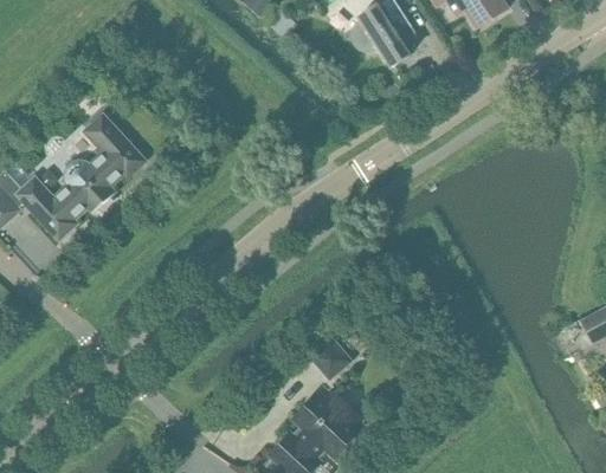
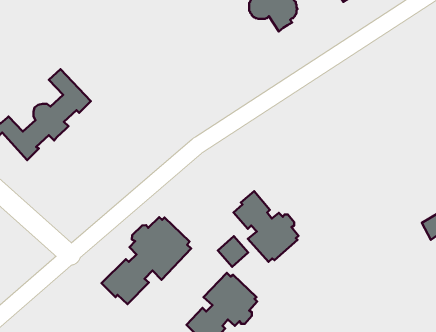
building: none -> [234,191,298,262]
building: none -> [101,217,191,304]

